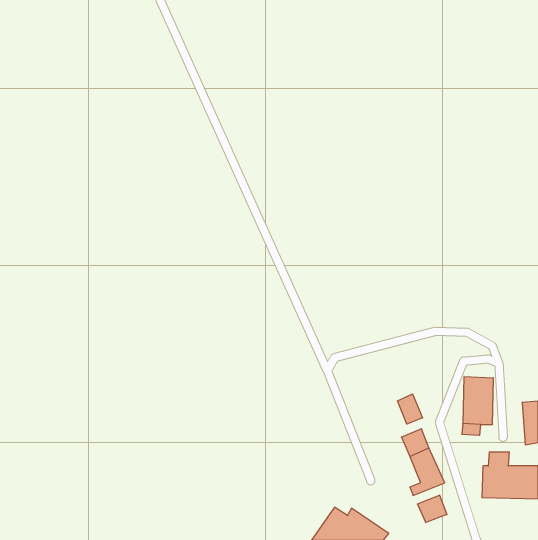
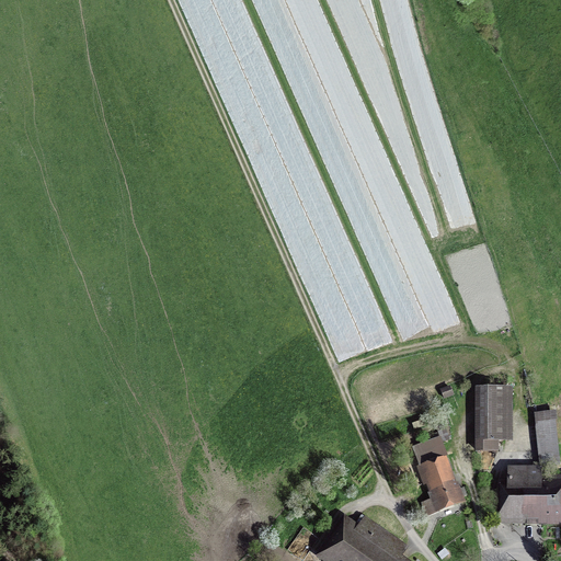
building: [397,394,423,424] -> none
building: [418,495,447,523] -> none

